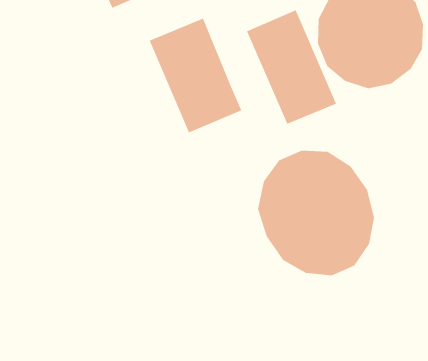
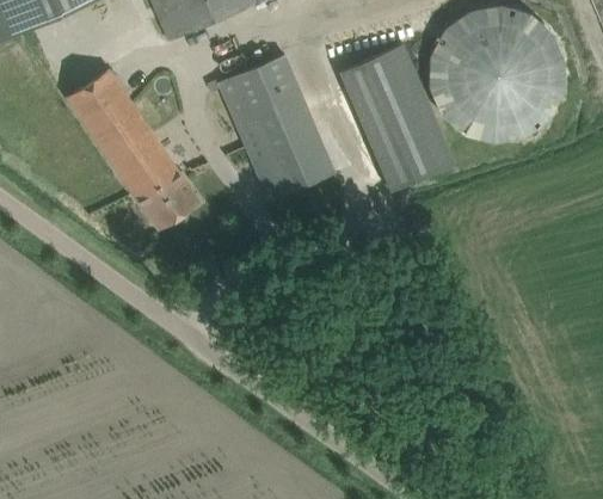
building: none -> [66,67,201,229]
building: [257,150,374,276] -> none

